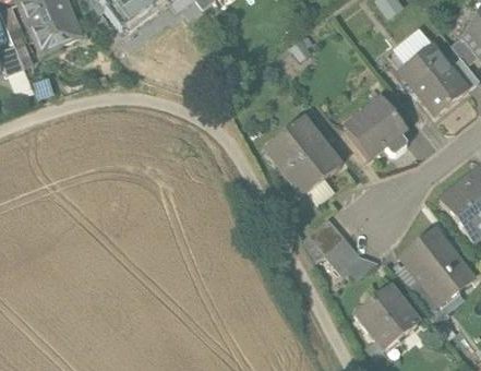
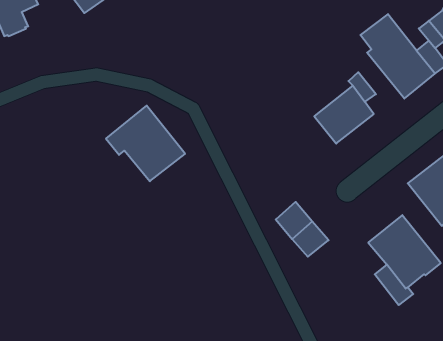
building: [263,116,341,191] -> [106,106,185,181]
building: [356,288,420,345] -> none

